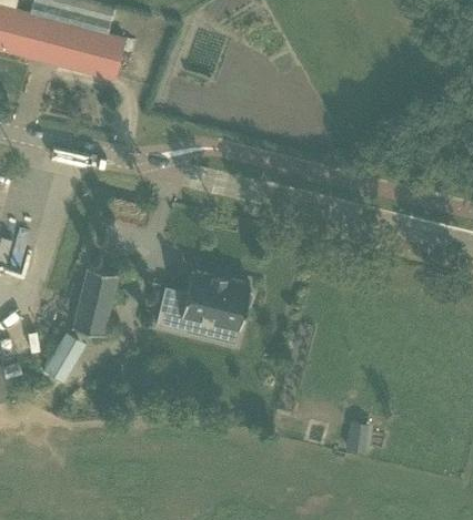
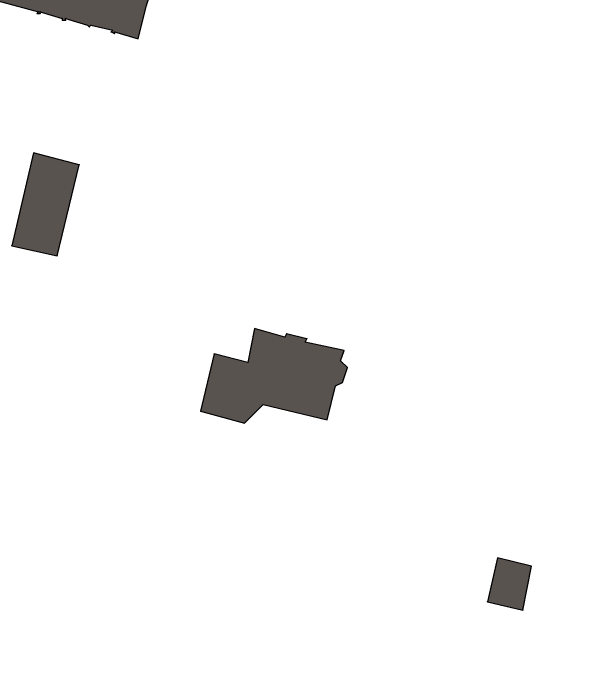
building: [72,269,117,337] -> [12,153,79,256]
building: [42,330,83,381] -> none

